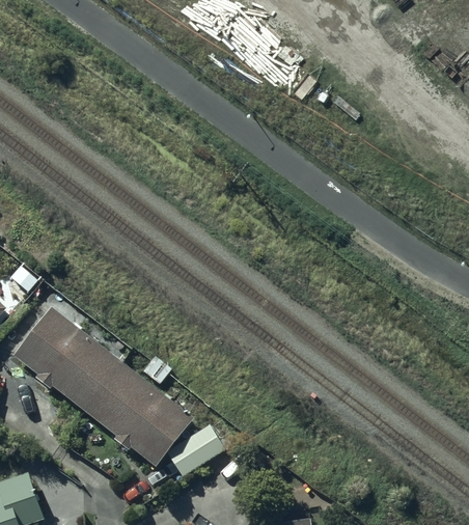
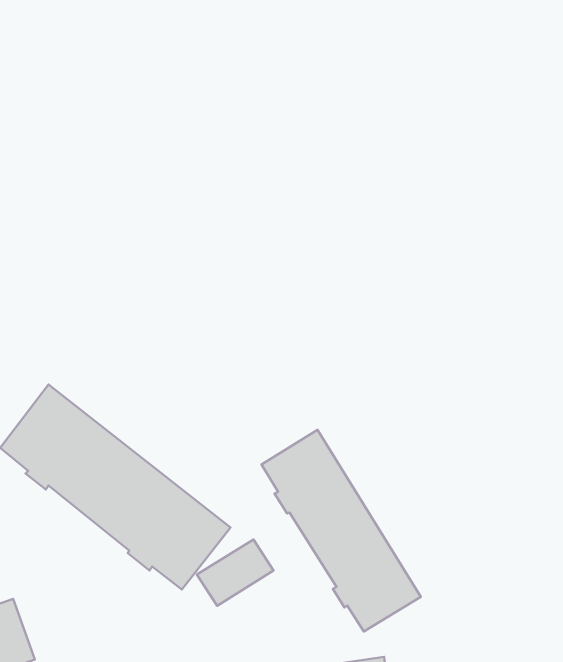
building: none -> [262,430,421,631]

